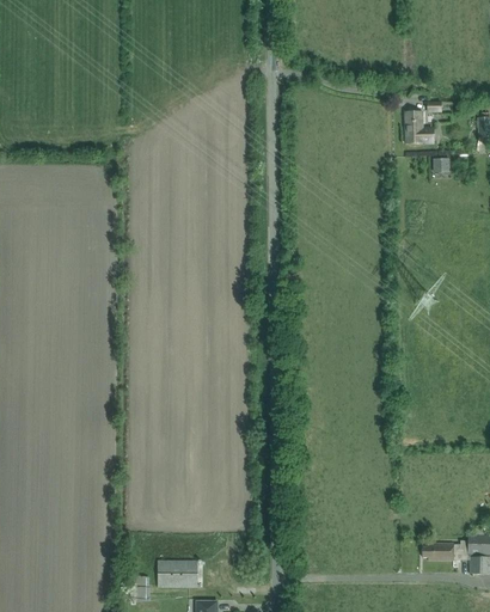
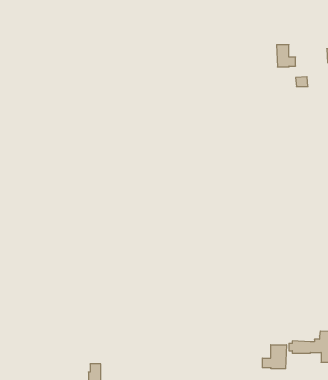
building: none -> [262,345,286,369]
building: [158,559,197,587] -> none

